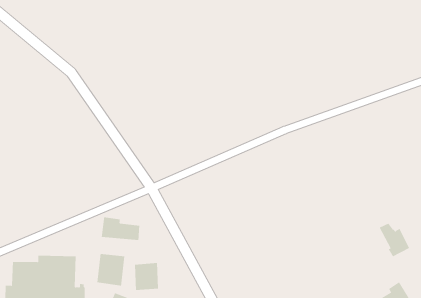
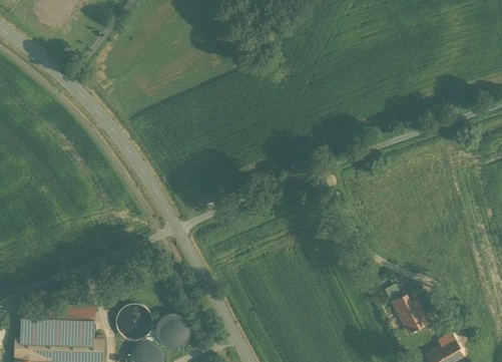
building: [101,217,140,241] -> none
building: [379,223,410,257] -> [393,296,427,334]

